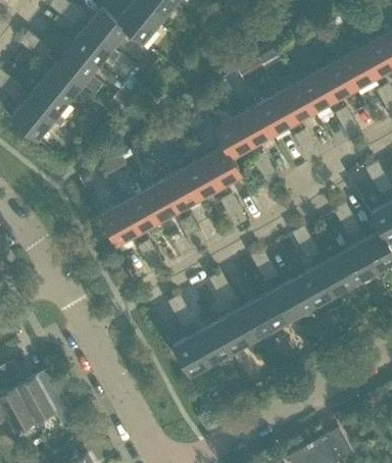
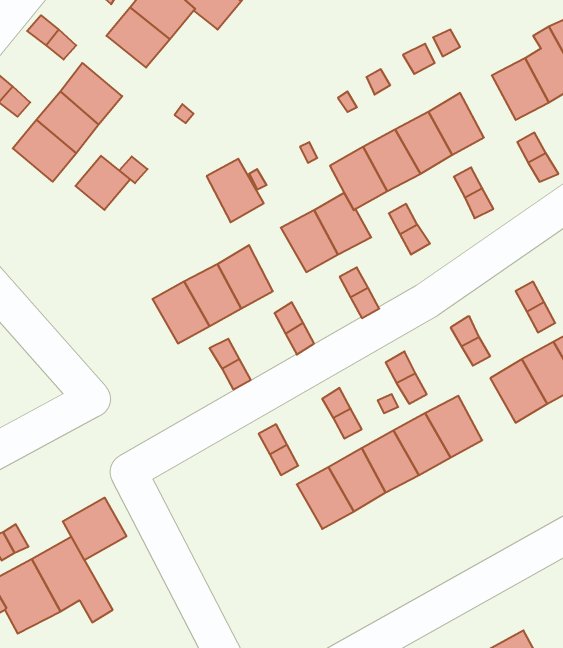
building: [56,47,97,86] -> none
building: [299,72,335,112] -> none
building: none -> [75,156,130,210]
building: [163,170,200,211] -> [207,159,264,222]
building: [298,267,335,307] -> none
building: [174,336,210,375] -> none
building: none -> [63,498,126,560]

